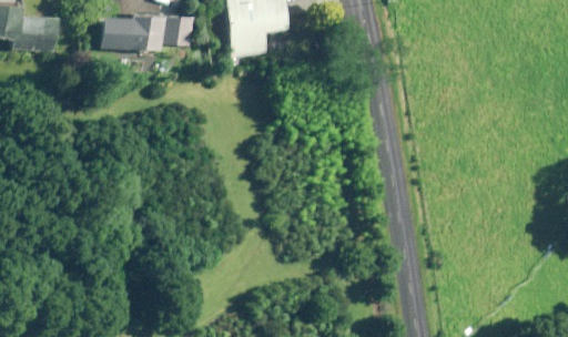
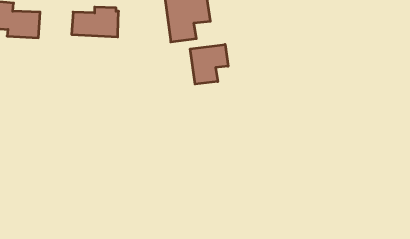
building: [164,17,193,48] -> none
building: none -> [190,44,228,84]

